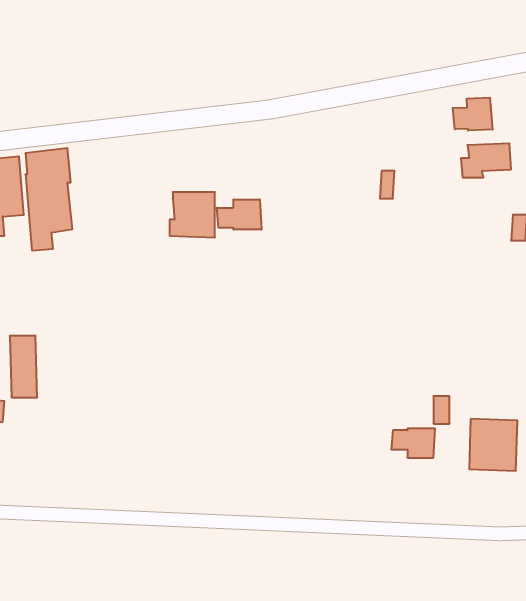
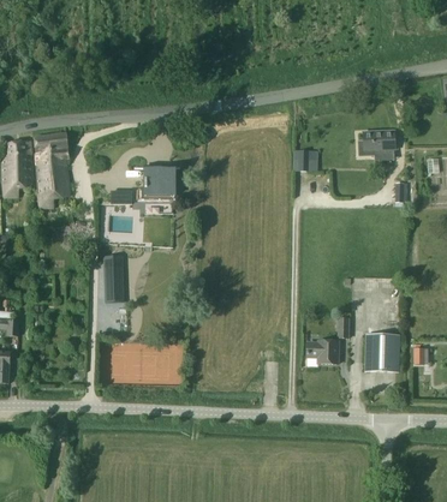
building: [453,98,493,131] -> none
building: [217,199,262,230] -> none
building: [10,336,37,397] -> [103,256,124,301]

